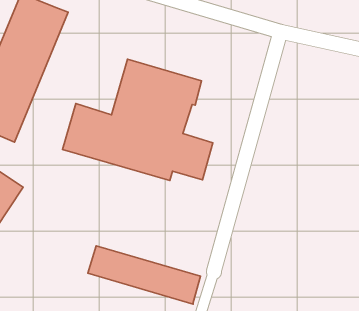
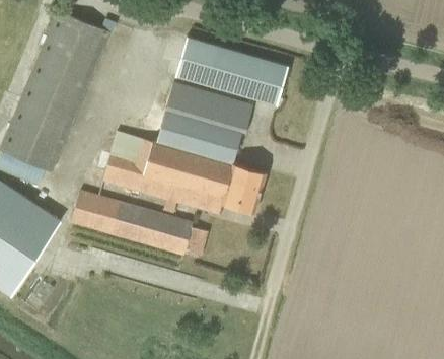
building: none -> [175,37,288,105]
building: [88,246,201,304] -> [71,192,193,255]

